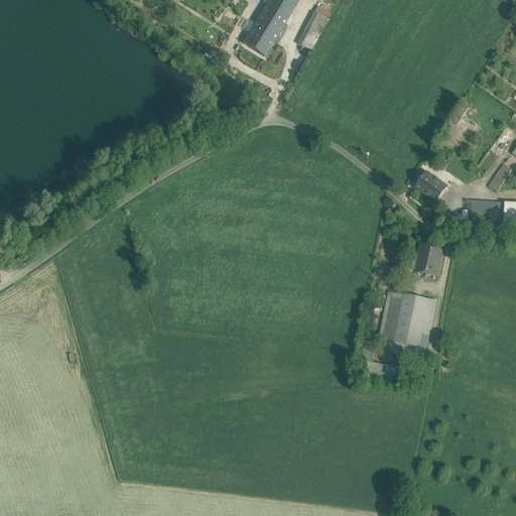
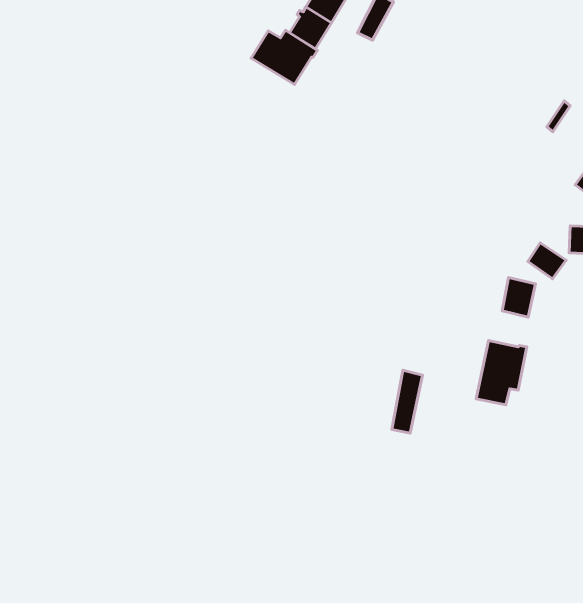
building: none -> [251,30,317,84]
building: [416,170,447,200] -> [528,243,566,279]
building: [380,289,405,341] -> [392,370,423,433]

